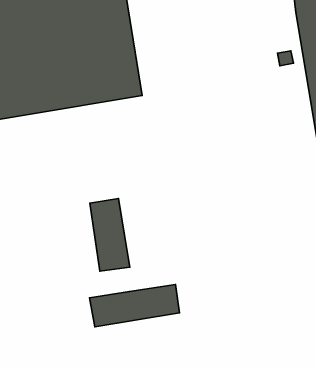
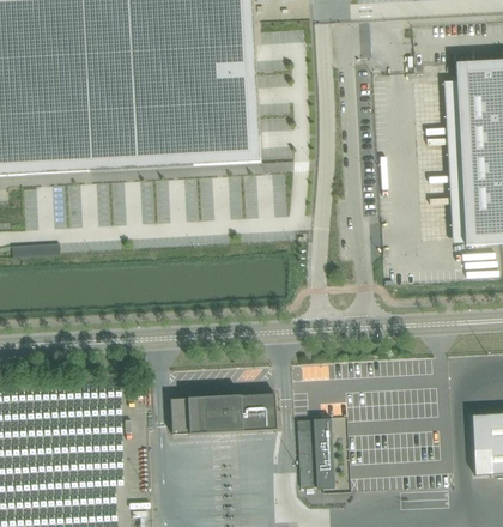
building: [90,198,130,271] -> none
building: none -> [297,425,334,486]

